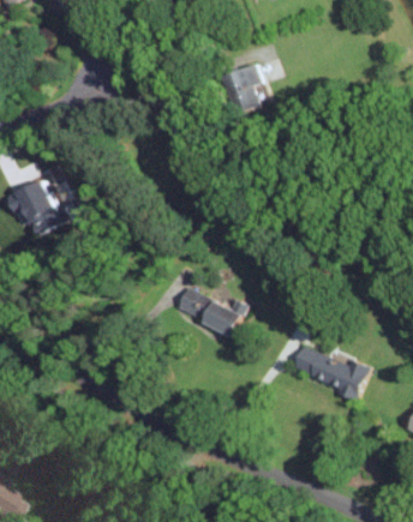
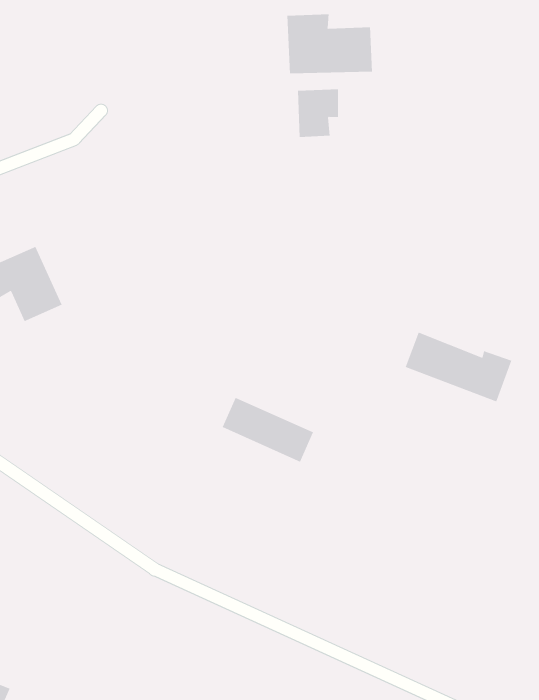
building: none -> [287,13,373,74]
building: [292,346,369,396] -> [405,332,512,402]

